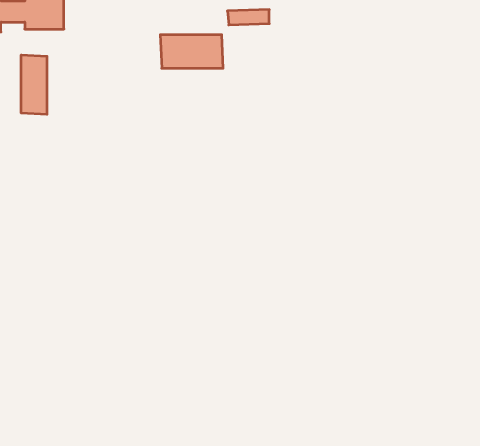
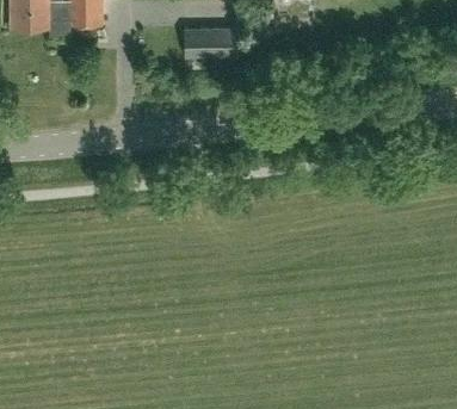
building: [21,55,47,114] -> none

